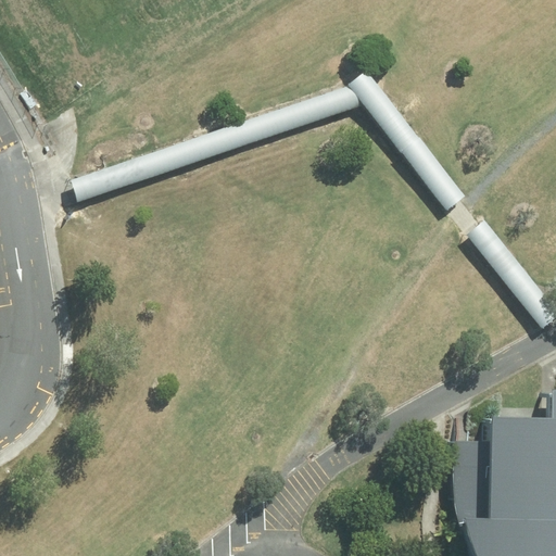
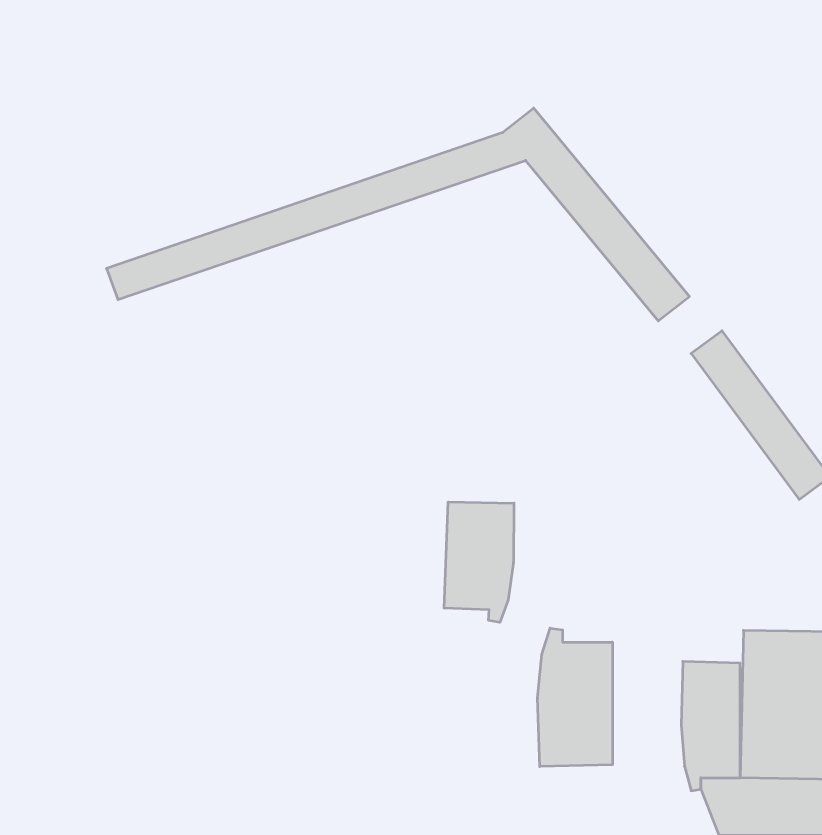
building: none -> [444,502,514,622]
building: none -> [538,628,612,767]

